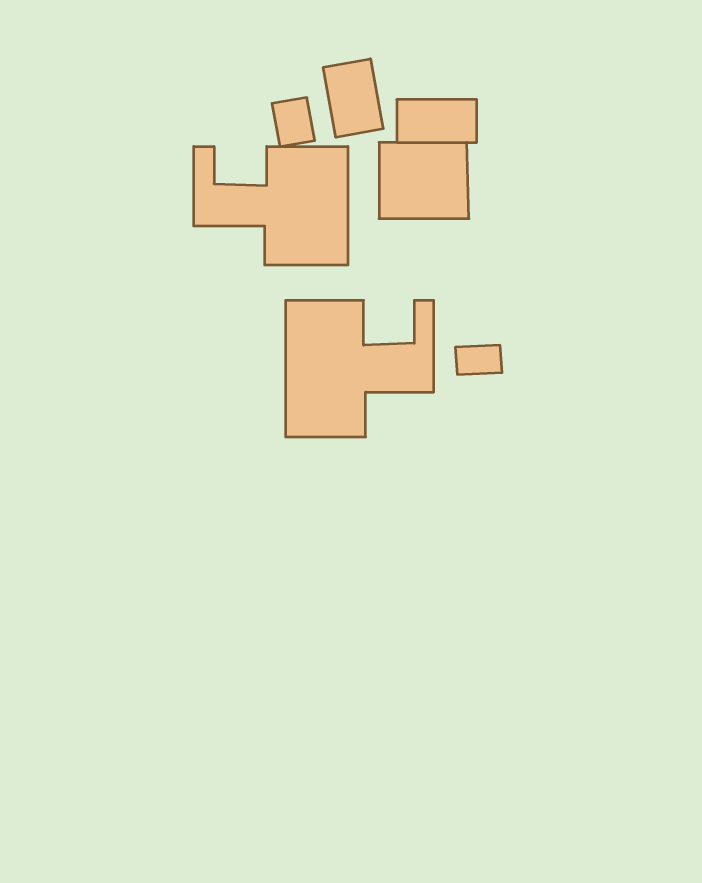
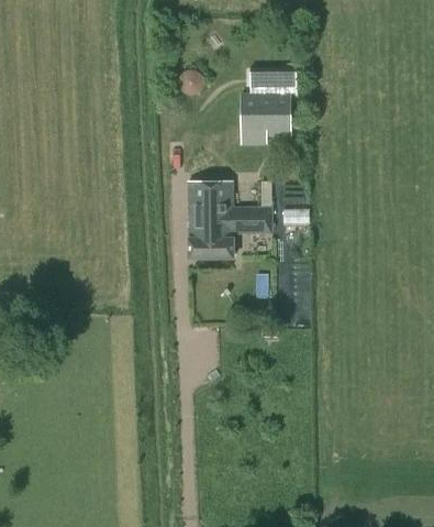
building: [323,59,383,137] -> none
building: [194,146,348,265] -> none

